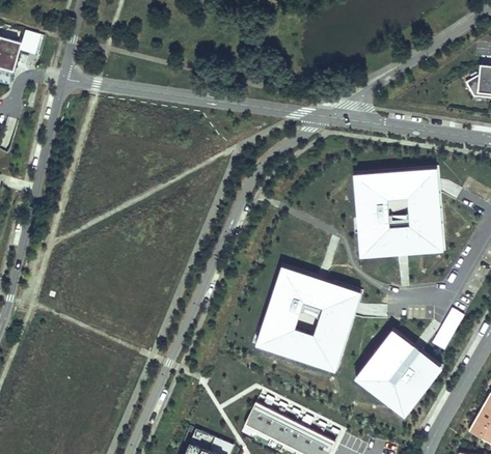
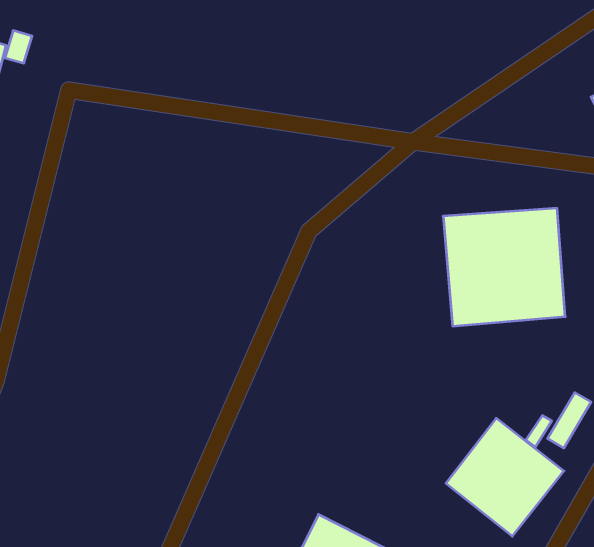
building: [254,266,362,374] -> none

